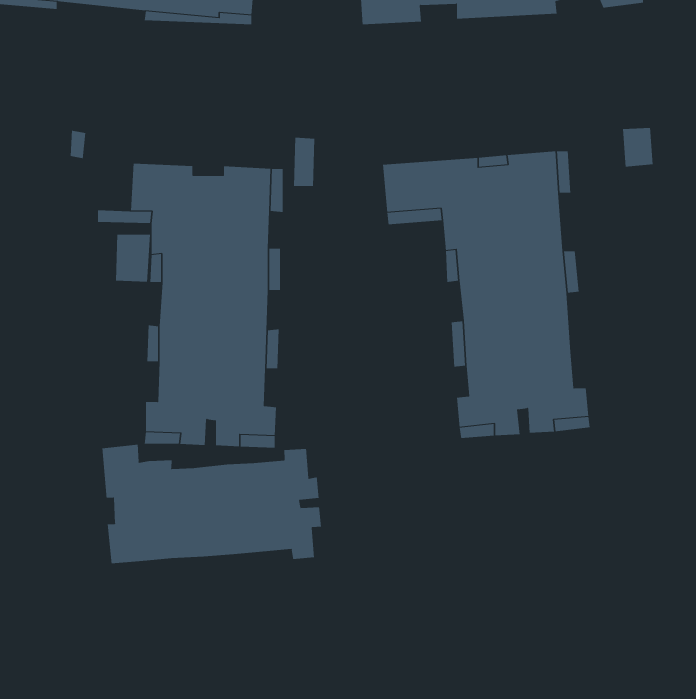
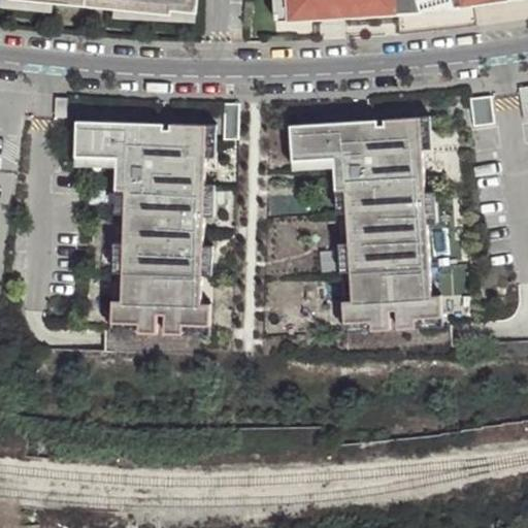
building: [115,234,151,282] -> [73,123,100,159]
building: [102,444,322,564] -> none

